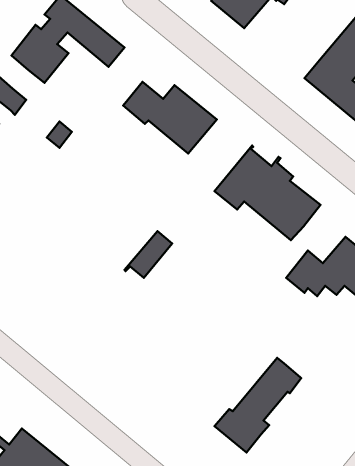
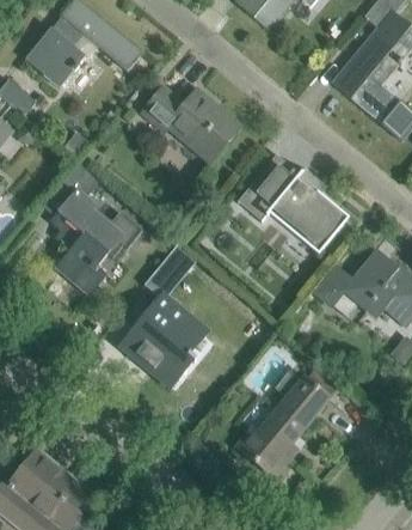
building: none -> [51,160,142,292]
building: none -> [127,296,197,388]

